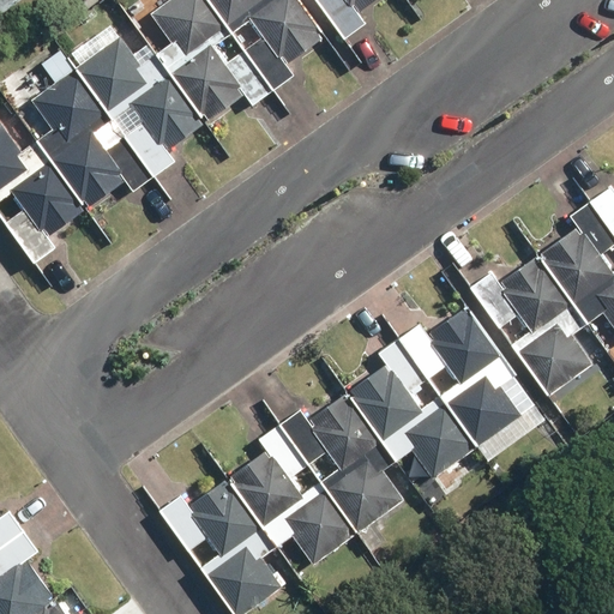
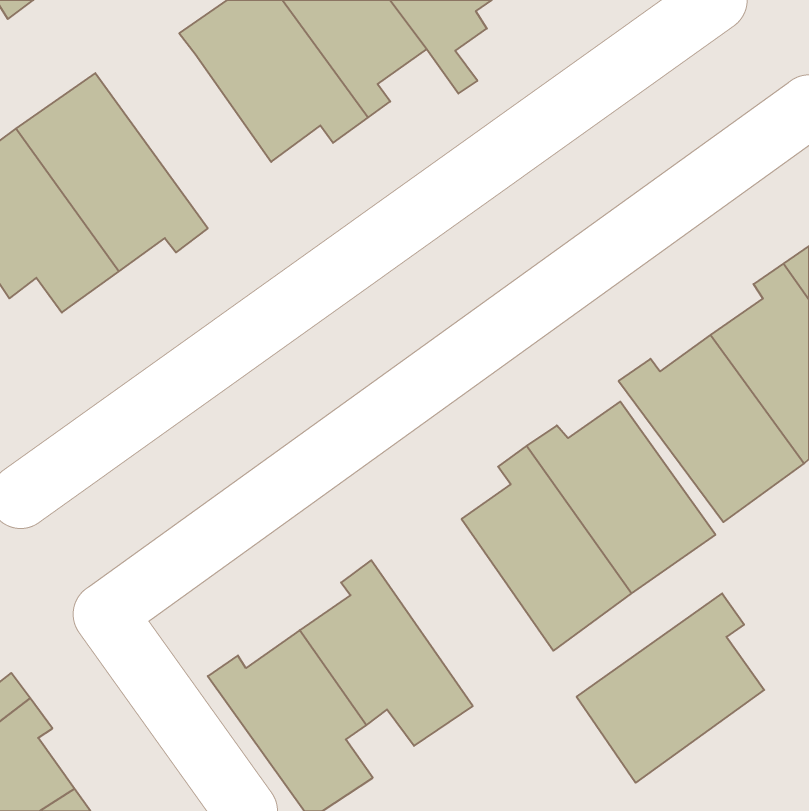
building: [72,24,205,173] -> none
building: [281,392,419,534] -> none
building: none -> [577,593,764,783]

